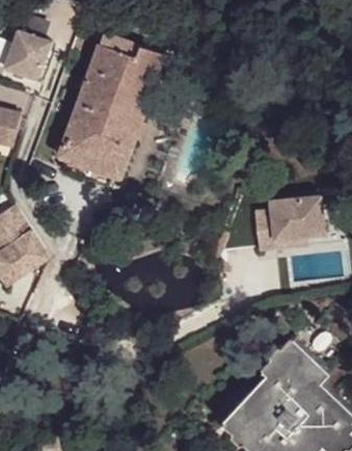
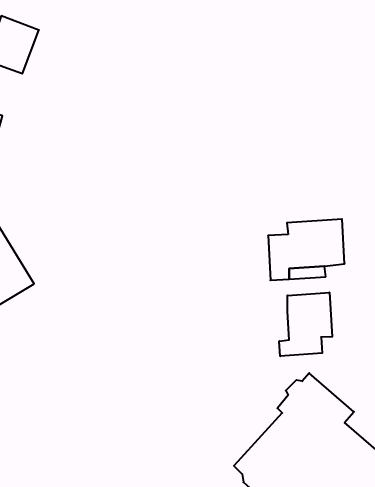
building: [56,35,160,179] -> none
building: none -> [279,292,332,356]

